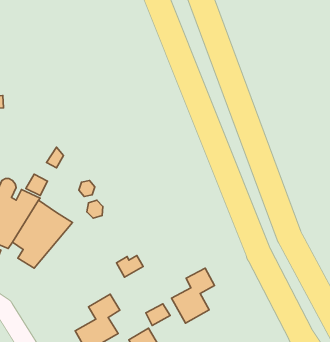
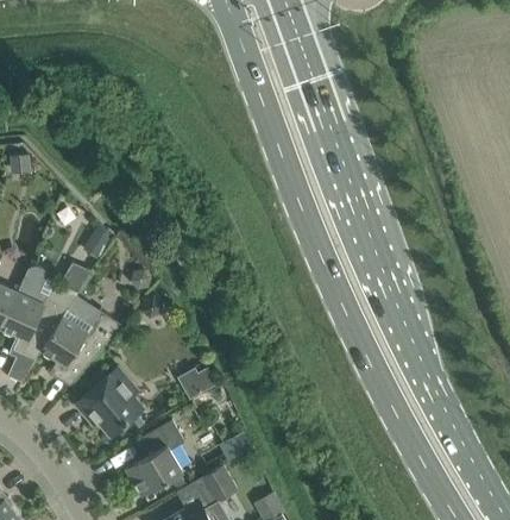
building: none -> [75,369,141,434]
building: [172,268,215,323] -> none

